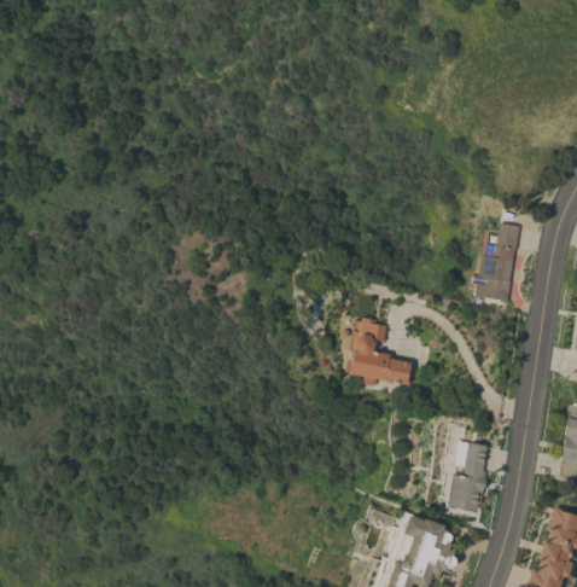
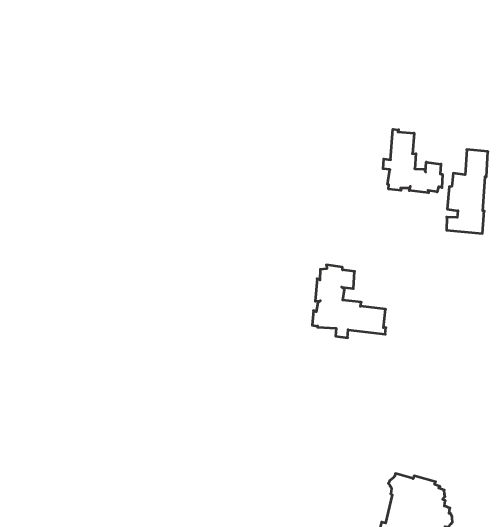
building: none -> [383,129,442,193]
building: [447,442,488,512] -> none

